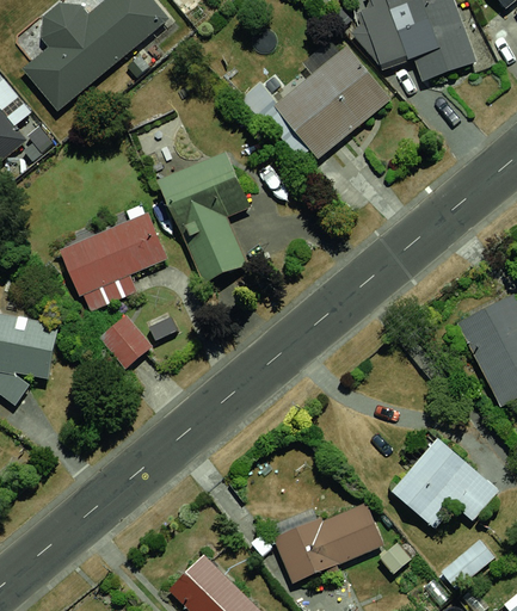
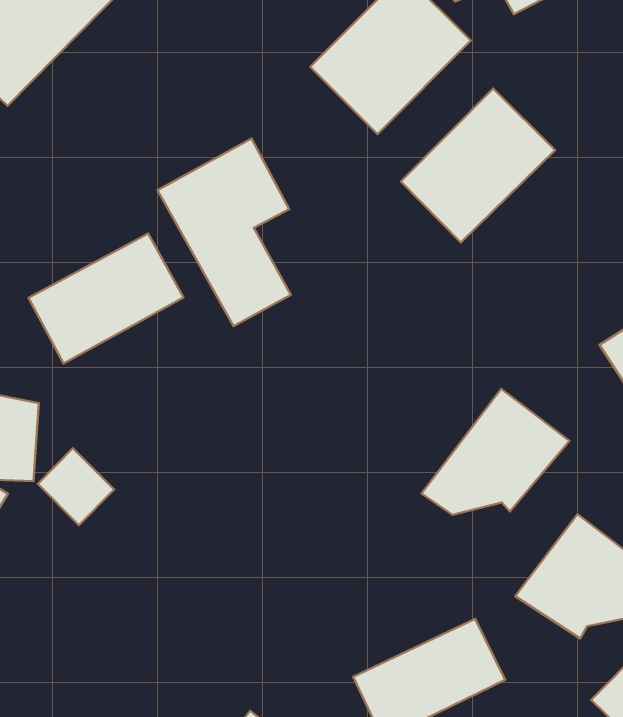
building: none -> [401,89,555,242]
building: [98,315,152,370] -> [38,448,114,525]
building: none -> [422,389,569,515]

